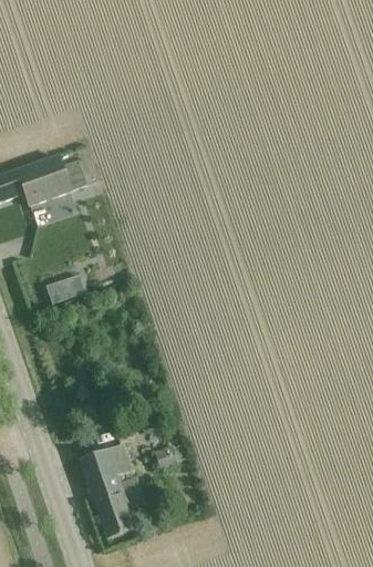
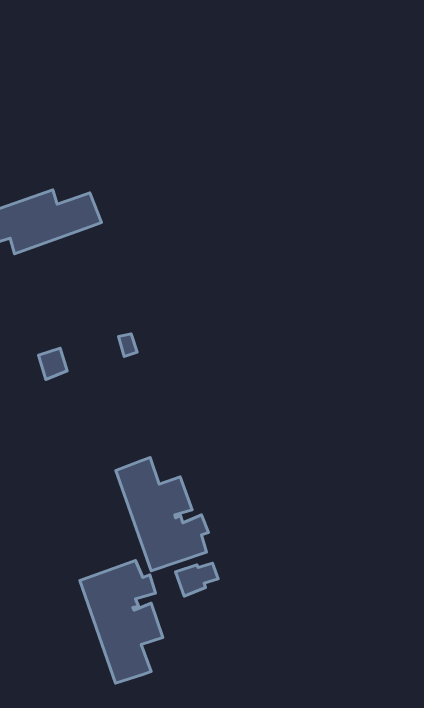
building: none -> [116,457,209,571]

